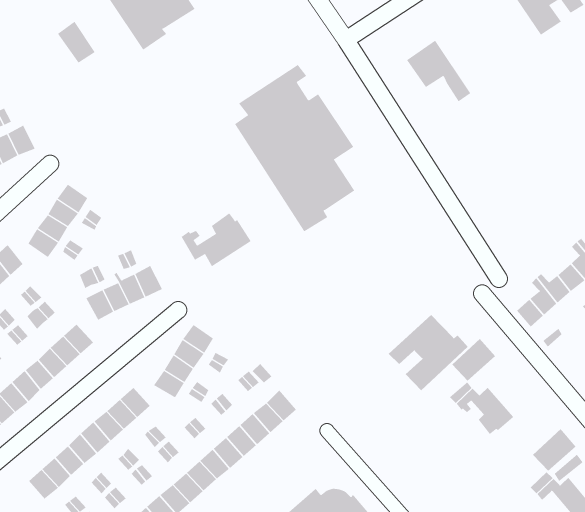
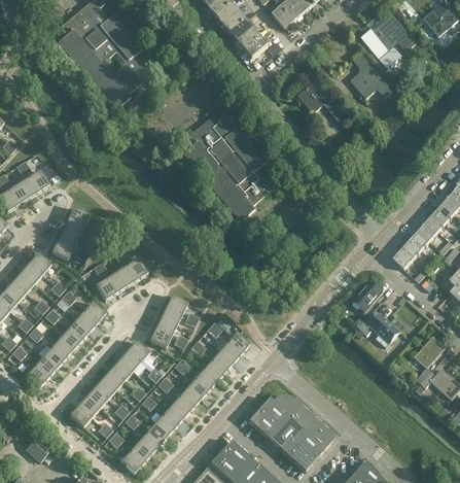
building: [57,21,96,64] -> none
building: none -> [350,63,391,98]
building: [181,212,252,267] -> none
building: [388,314,469,391] -> none

